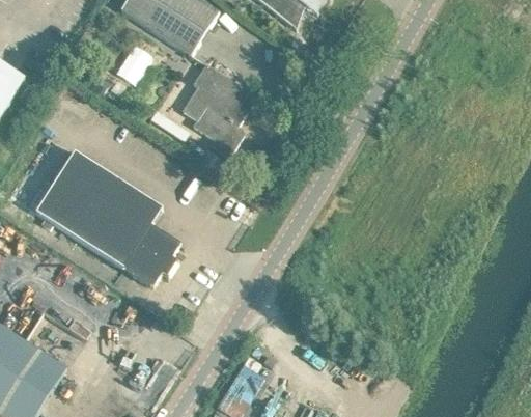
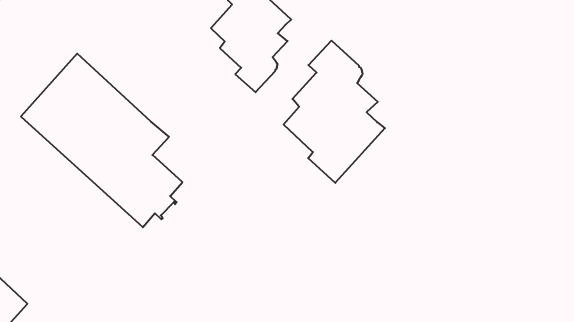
building: none -> [284,41,385,183]

